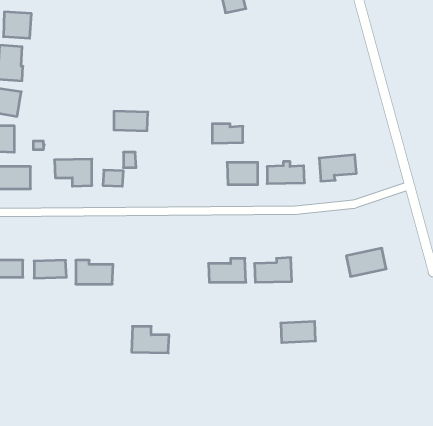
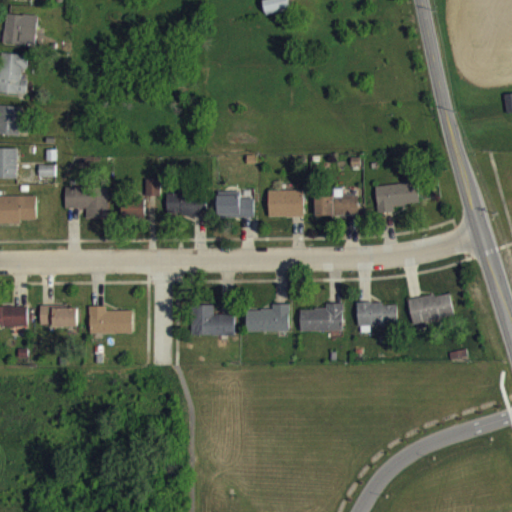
building: [114,111,148,131] -> [166,193,206,216]
building: [212,124,243,143] -> [217,195,253,218]
building: [281,321,316,343] -> [356,302,397,327]
building: [132,326,169,353] -> [190,305,234,336]

